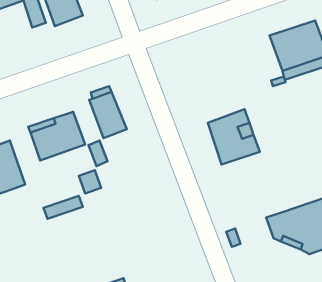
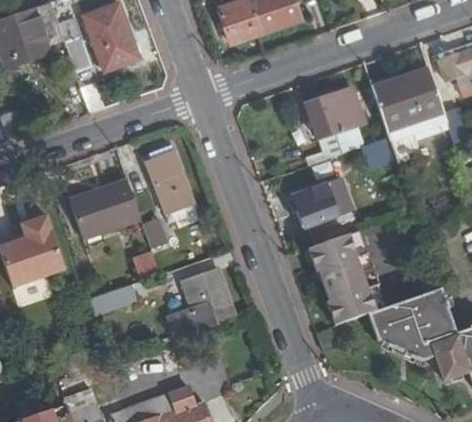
building: none -> [305,88,365,156]
building: none -> [307,230,385,323]
building: none -> [169,269,234,340]

